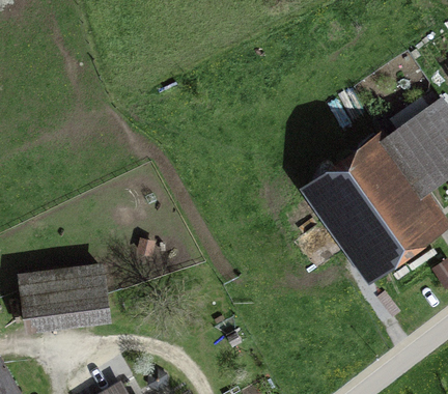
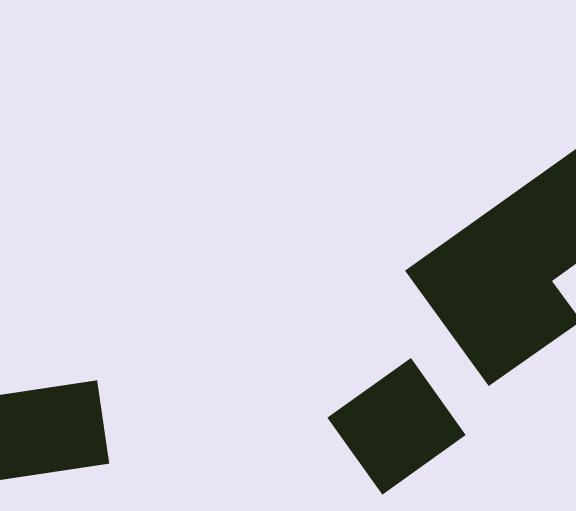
building: none -> [326,357,467,496]

